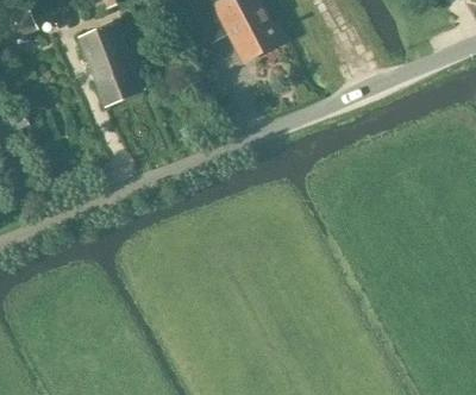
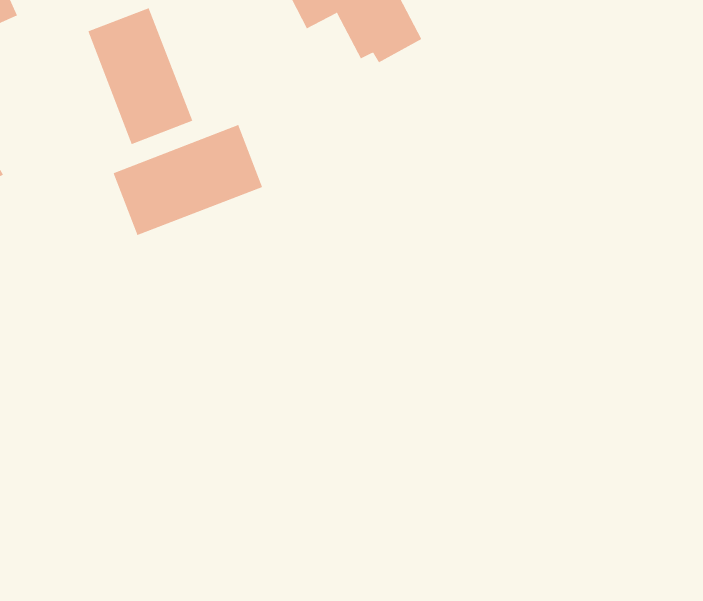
building: none -> [113,124,263,236]

